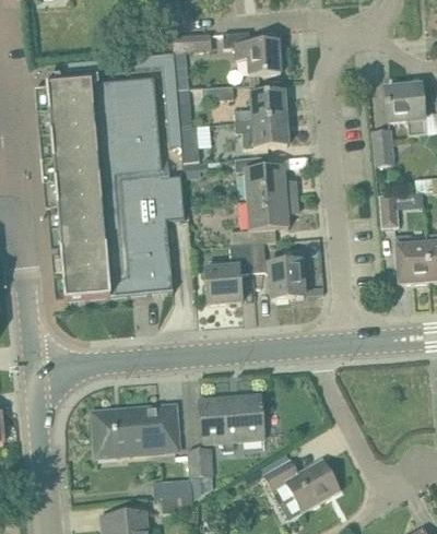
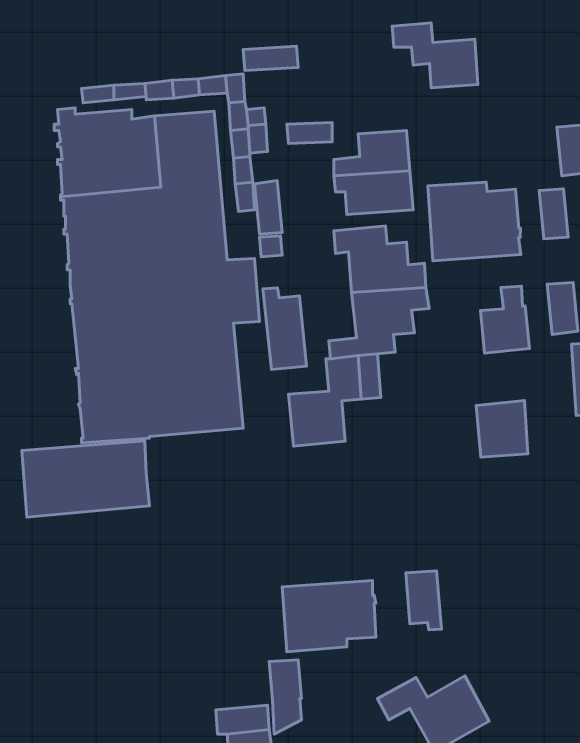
building: [223,31,281,74] -> [392,23,478,88]
building: none -> [428,182,521,261]
building: none -> [480,286,529,353]
building: none -> [263,288,307,369]
building: [269,260,304,298] -> [476,401,528,457]
building: none -> [406,571,442,630]
building: [93,405,179,456] -> [22,441,150,517]

